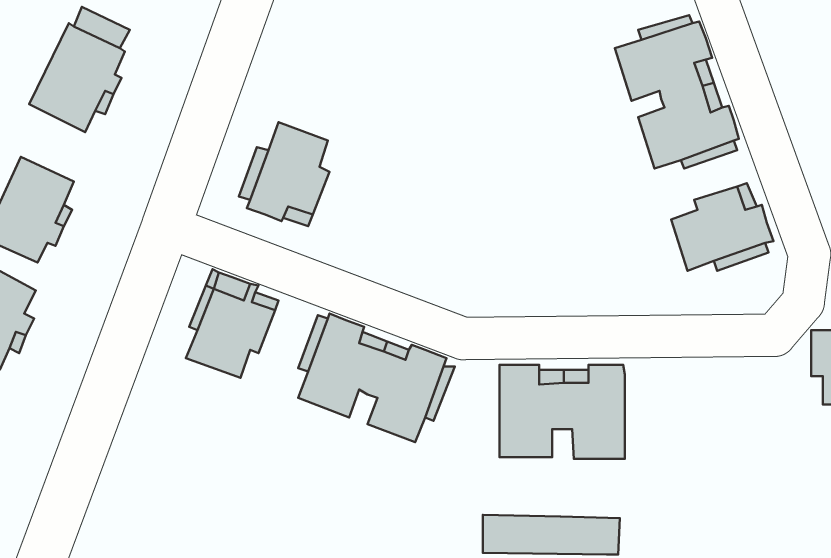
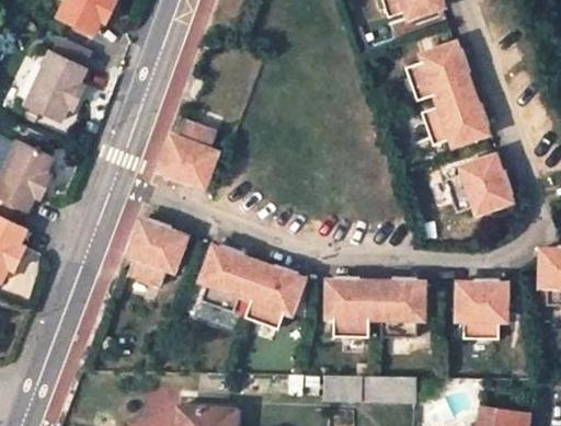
building: none -> [455,278,497,338]

